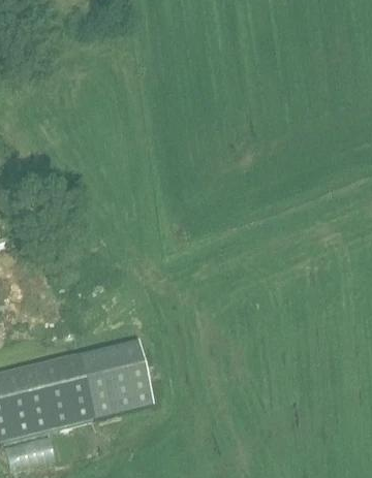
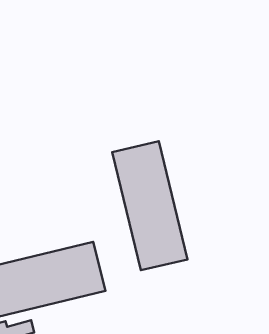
building: none -> [112,141,187,270]

